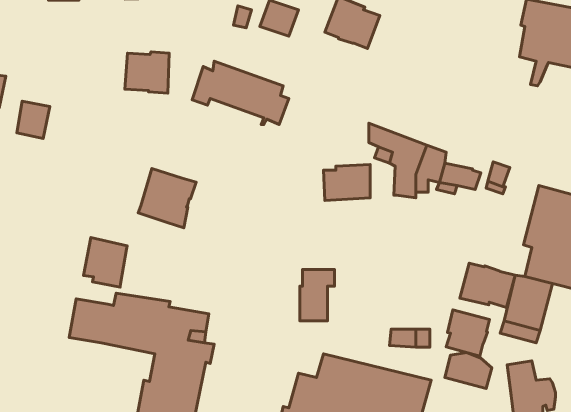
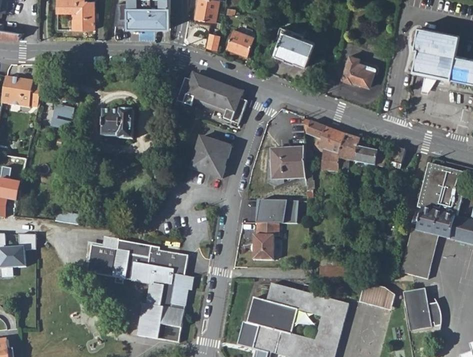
building: none -> [339,53,373,85]
building: [125,52,169,93] -> [100,107,132,137]
building: [138,169,196,228] -> [189,135,231,178]
building: [83,238,127,287] -> none
building: none -> [256,201,299,224]
building: [460,263,515,307] -> none
building: [446,310,489,356] -> none

